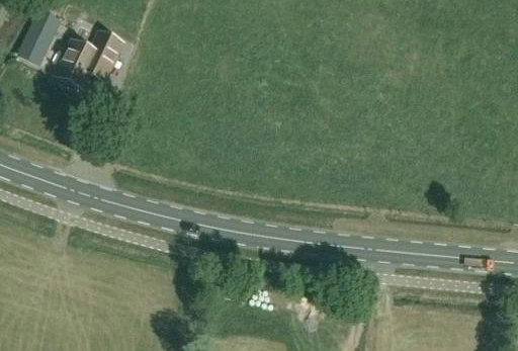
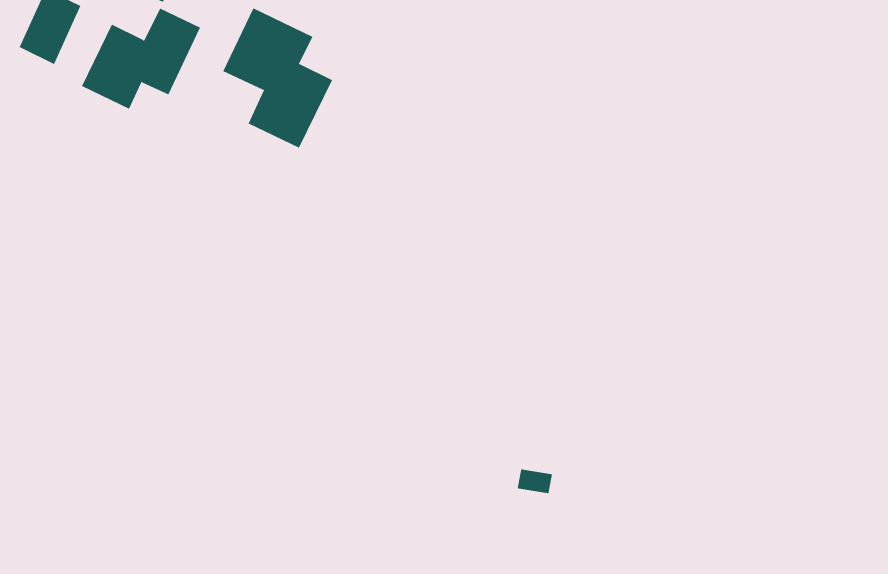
building: none -> [223,8,333,149]

